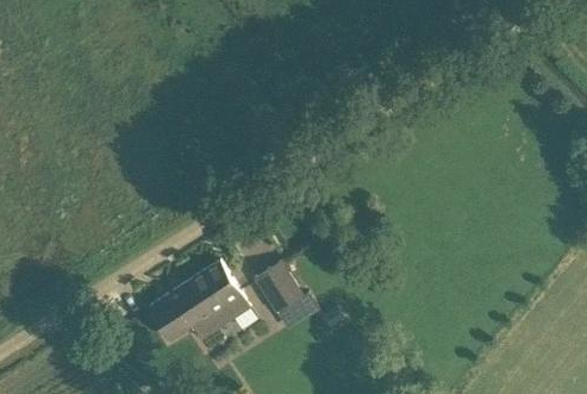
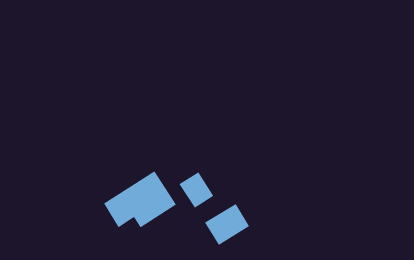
building: none -> [204,203,250,246]

